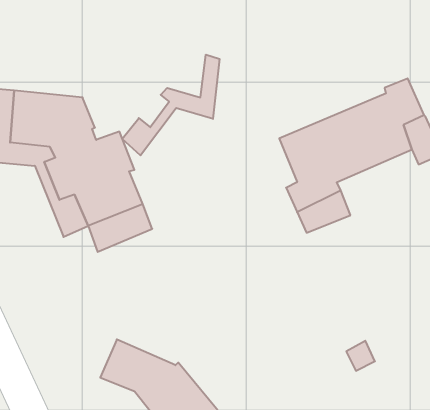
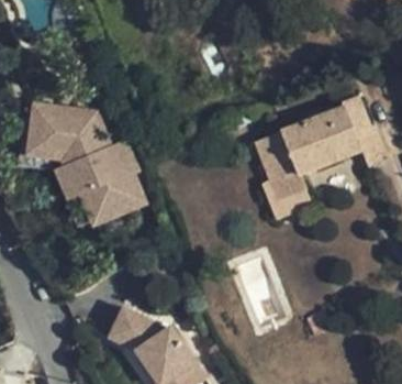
building: [122,55,220,155] -> none

